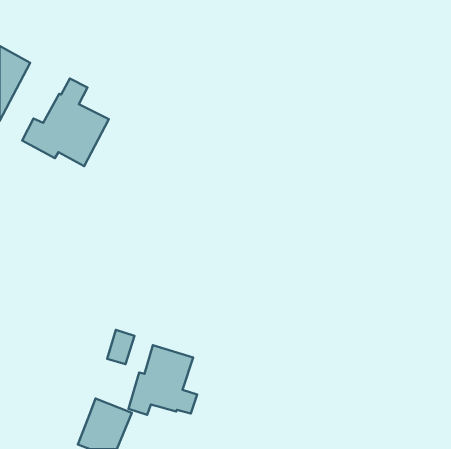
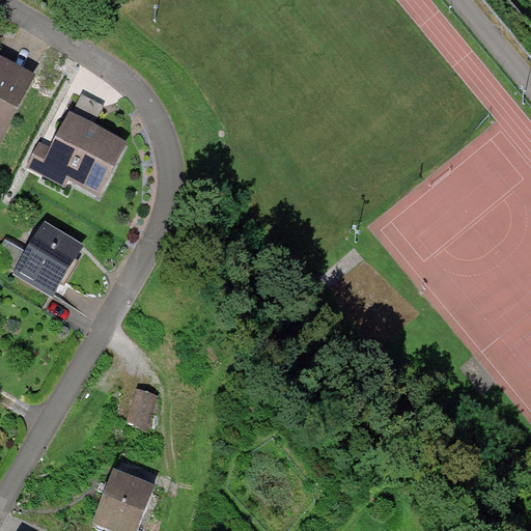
building: none -> [12,220,84,296]
building: [128,345,197,415] -> none

